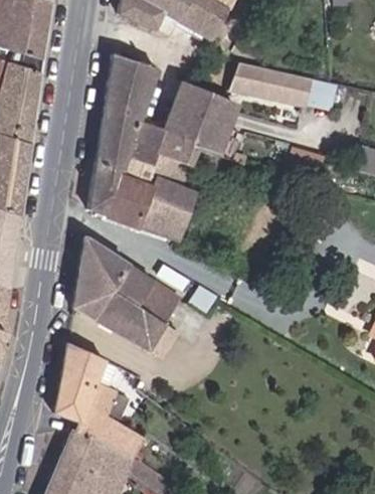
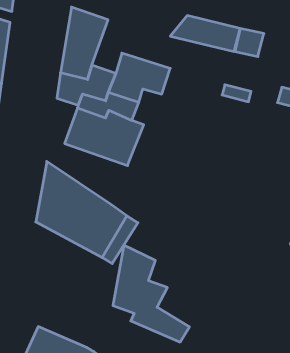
building: [172,84,236,126] -> none
building: [87,161,121,214] -> none
building: [52,341,143,456] -> [113,245,189,342]

